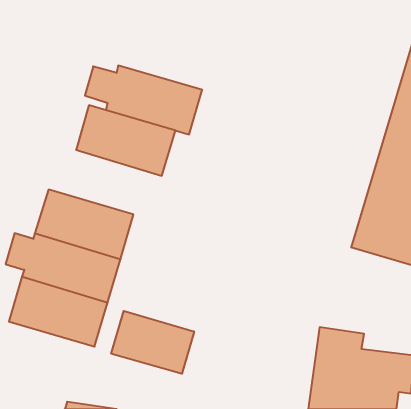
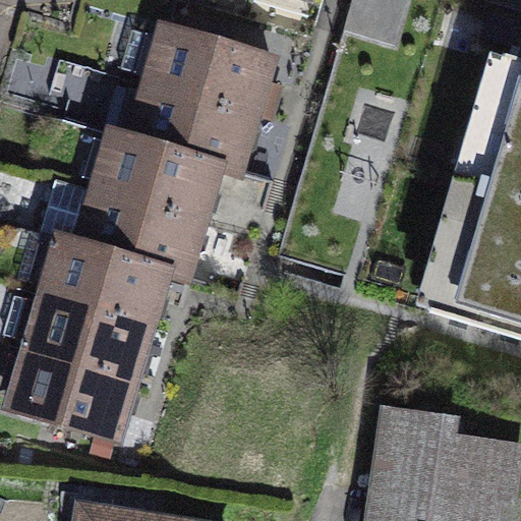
building: none -> [127,25,275,113]
building: none -> [43,177,207,276]
building: [111,311,194,374] -> none

